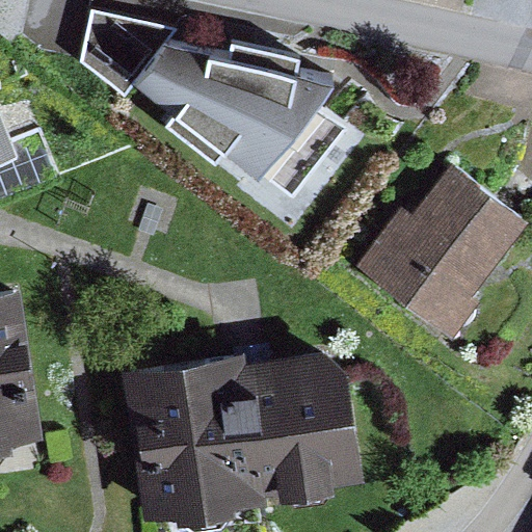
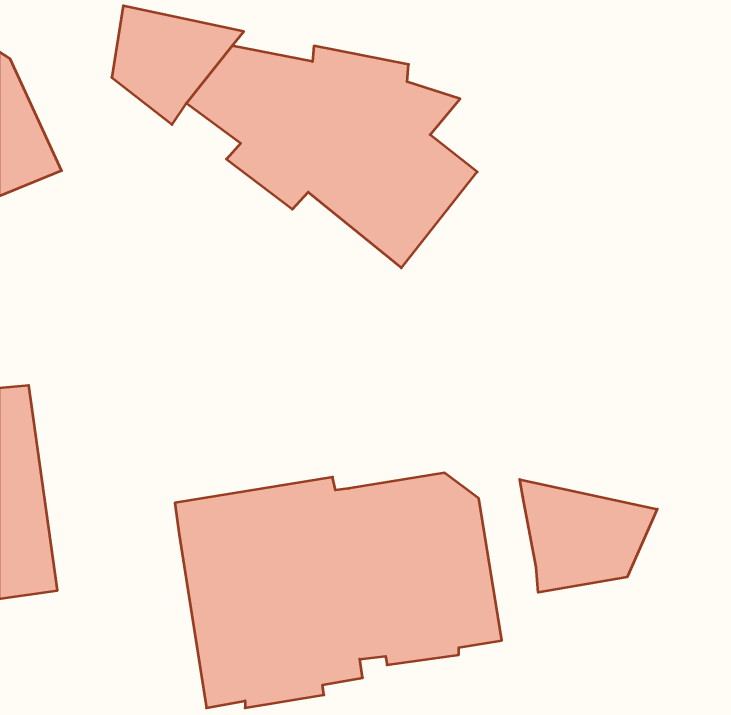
building: [356,163,526,338] -> none
building: none -> [520,479,657,592]

